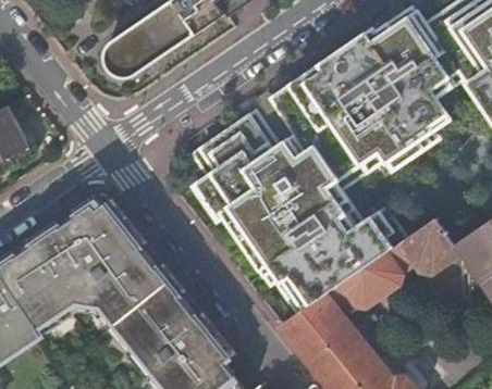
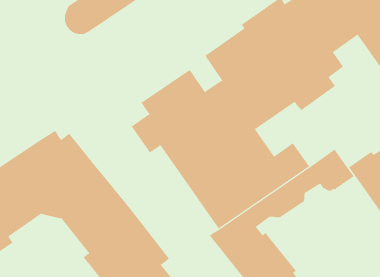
building: [35,297,132,350] -> none

